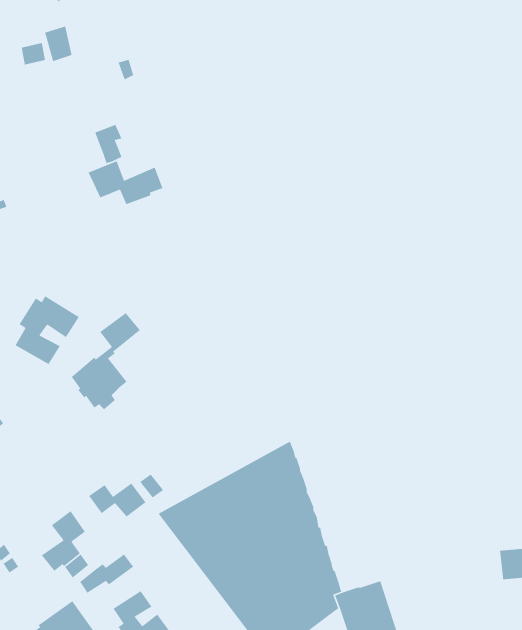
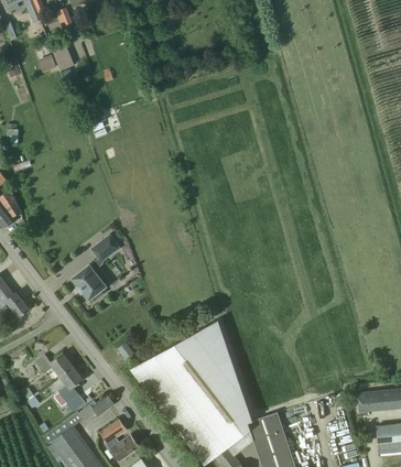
building: [88,160,163,205] -> none
building: [14,295,80,365] -> none
building: [88,482,146,517] -> [34,352,73,376]

